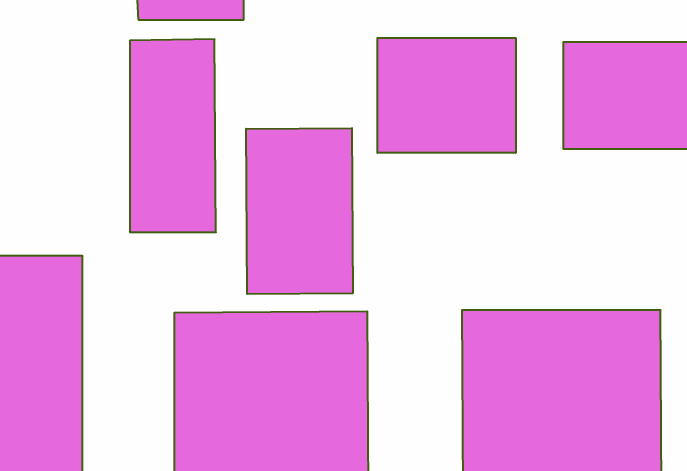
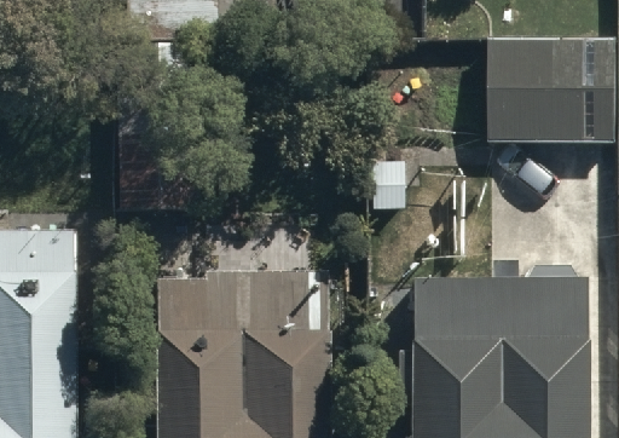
building: [377,38,516,153] -> none
building: [246,128,353,294] -> none

